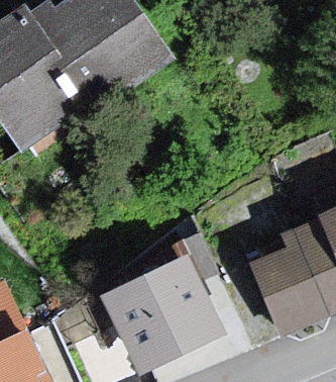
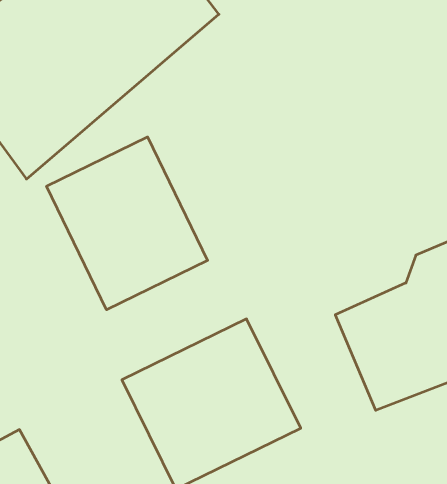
building: none -> [47,137,208,310]

